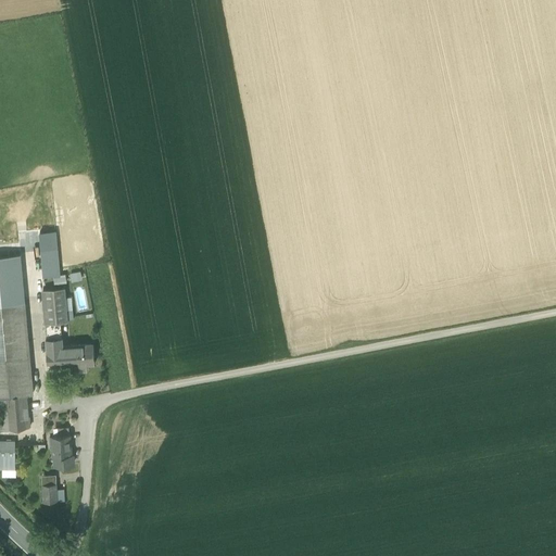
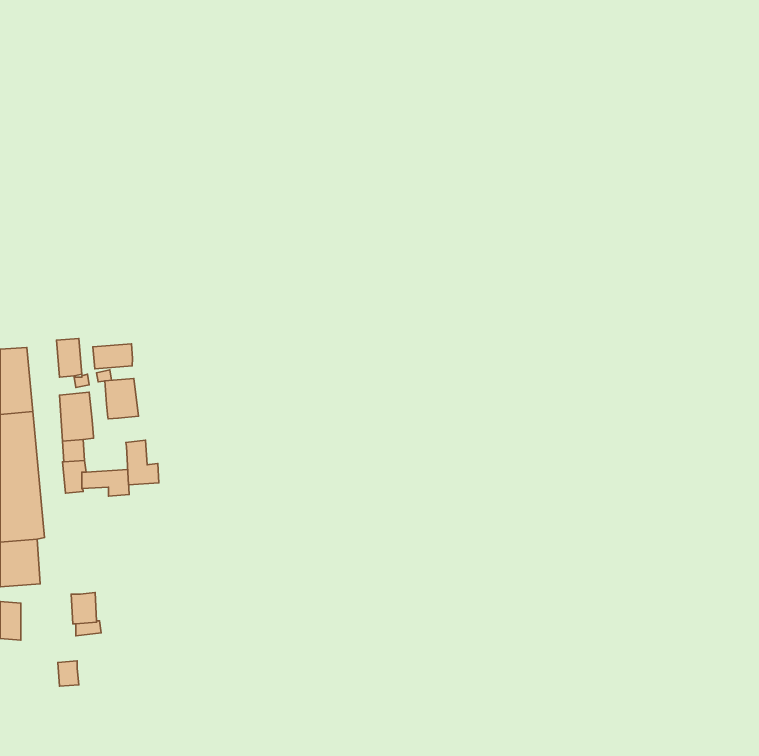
building: none -> [93,344,132,369]
building: none -> [105,379,139,419]
building: none -> [126,440,159,485]

